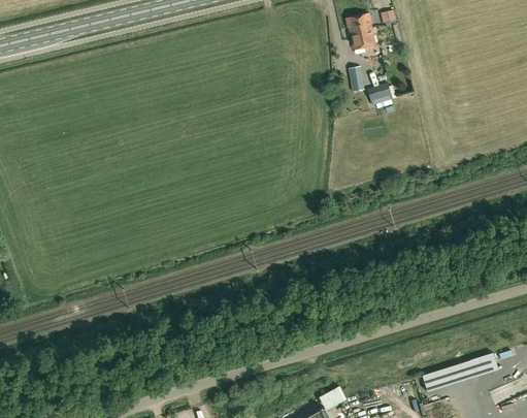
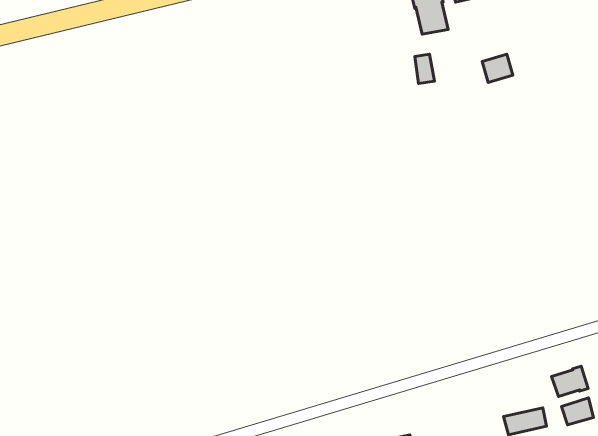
building: [367,83,393,106] -> [482,54,513,82]
building: none -> [551,366,588,397]

